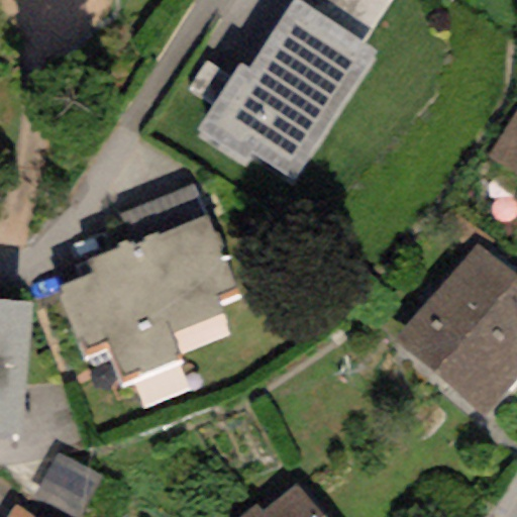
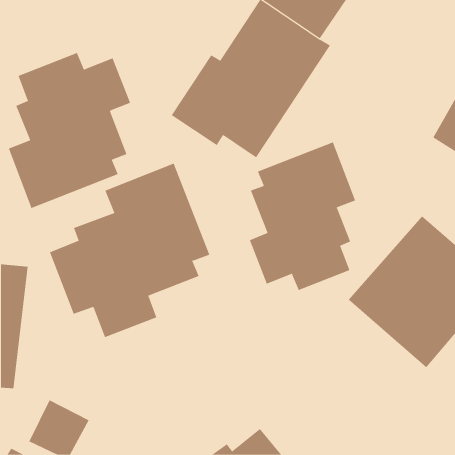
building: none -> [8,52,131,209]
building: none -> [249,141,356,291]

